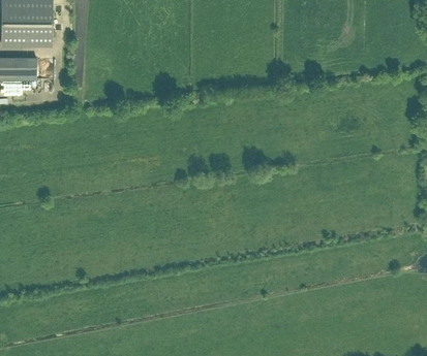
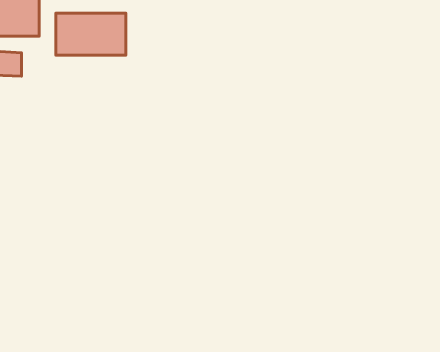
building: none -> [56,13,126,55]

